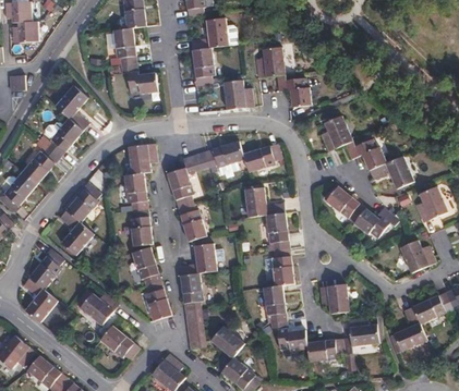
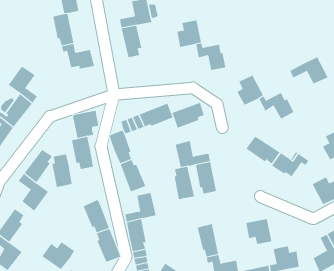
building: [224,80,253,109] -> none
building: [370,156,414,187] -> [290,57,329,84]
building: [130,208,153,246] -> [51,154,73,187]
building: [271,247,294,285] -> [174,166,195,200]

